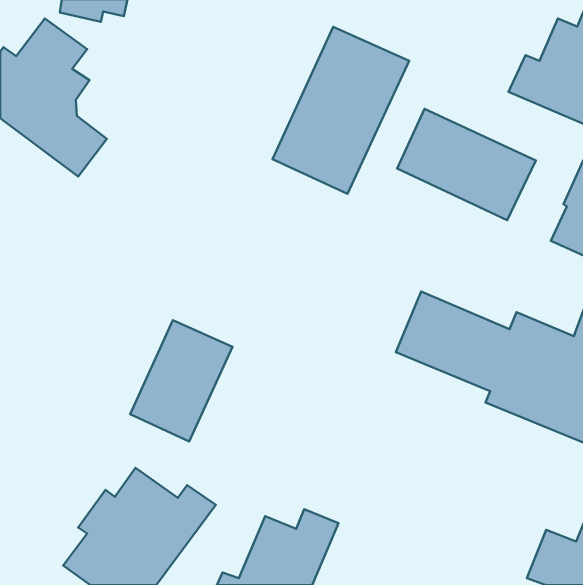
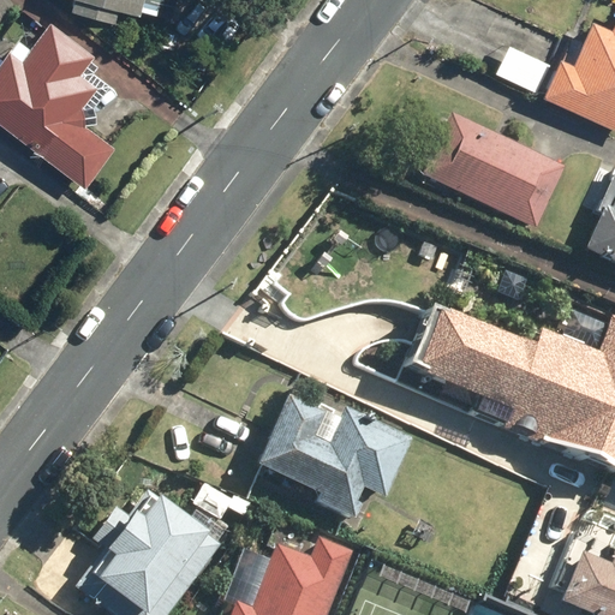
building: [272,27,409,194] -> none
building: [130,320,233,441] -> none
building: none -> [258,395,418,520]

